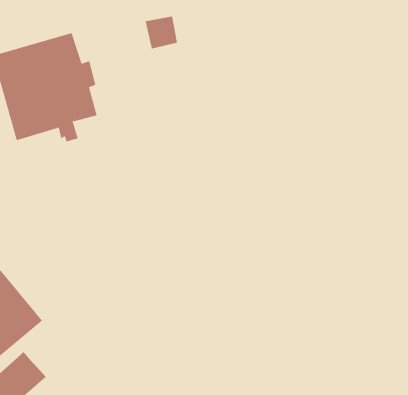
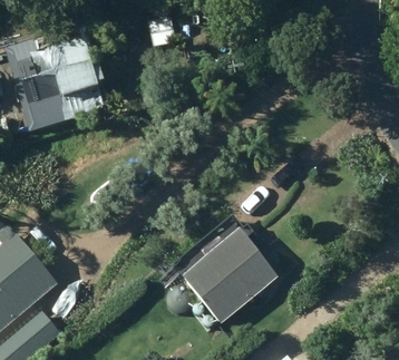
building: none -> [179,227,276,321]

